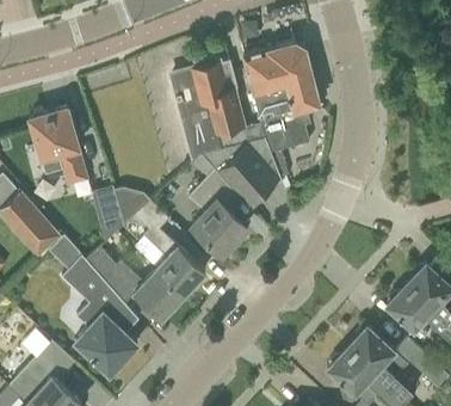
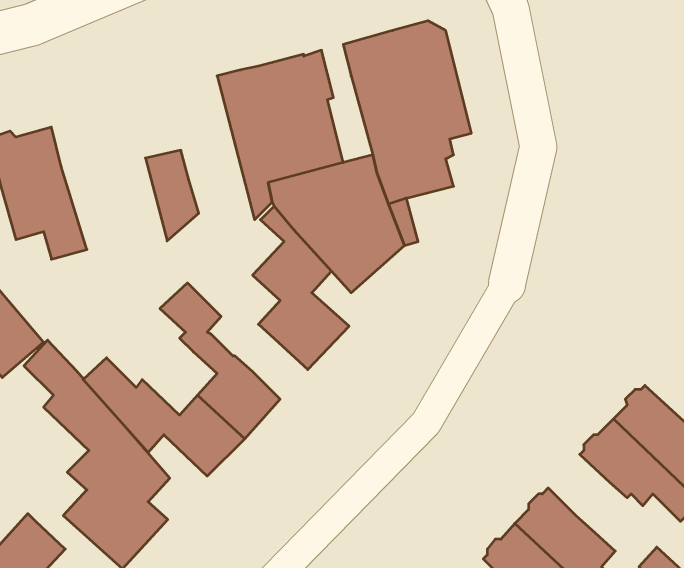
building: [92,187,124,242] -> [145,150,199,241]

